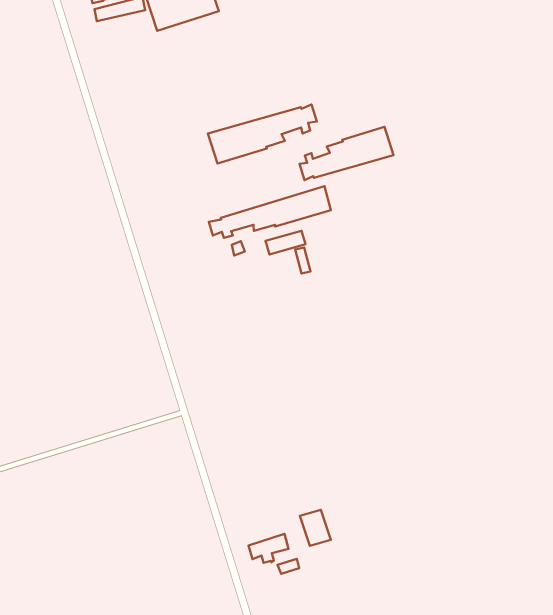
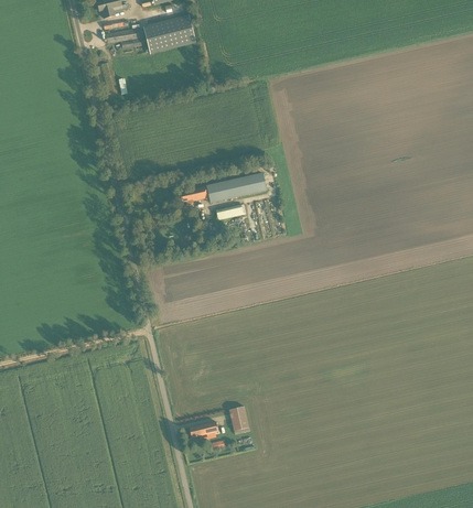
building: [208,104,317,164] -> none
building: [300,127,394,180] -> none

